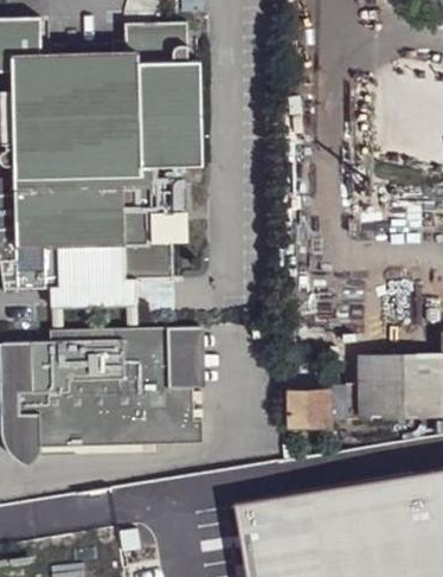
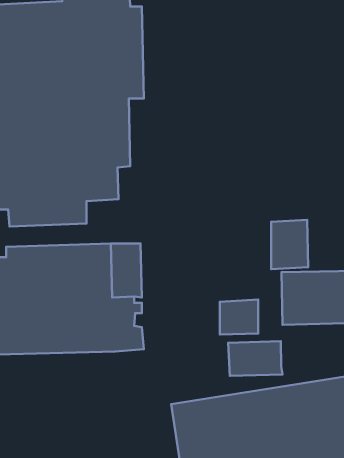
building: none -> [271,220,308,269]
building: none -> [228,341,282,376]

